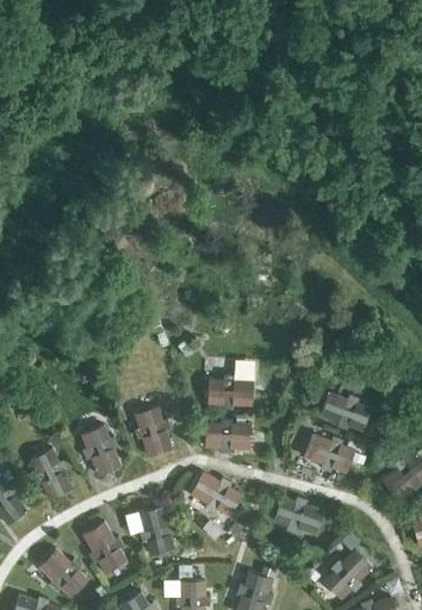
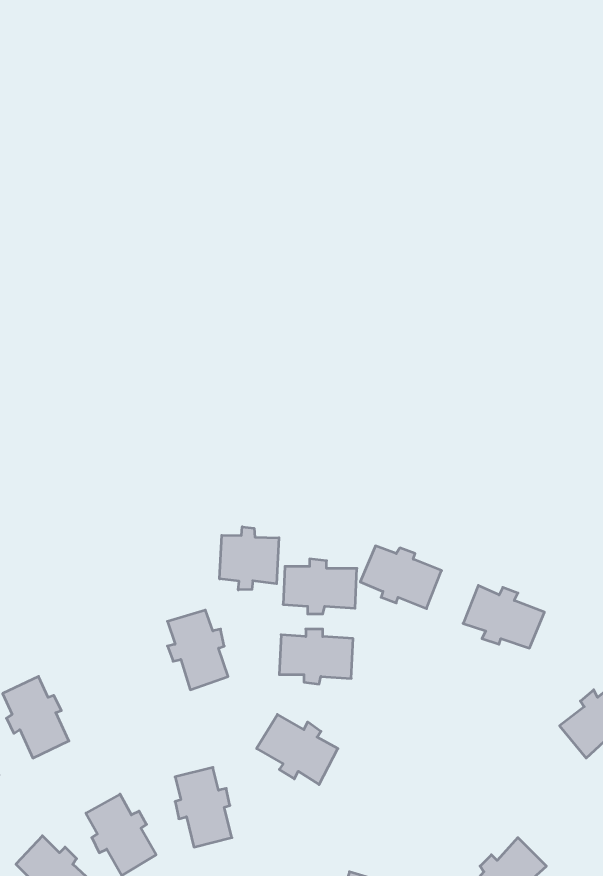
building: none -> [220,527,279,590]
building: [80,424,120,475] -> none
building: [303,434,354,473] -> [360,546,442,609]
building: [273,497,323,534] -> none

